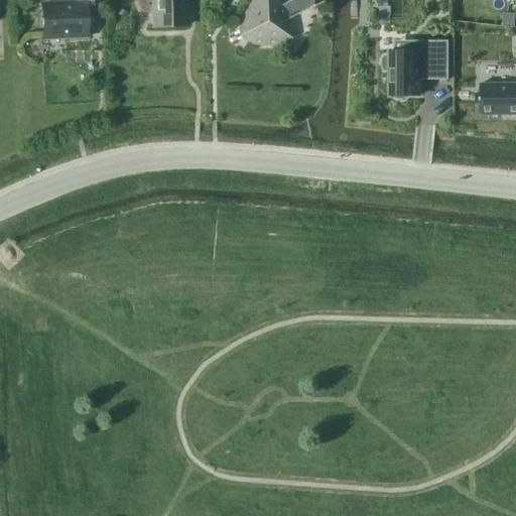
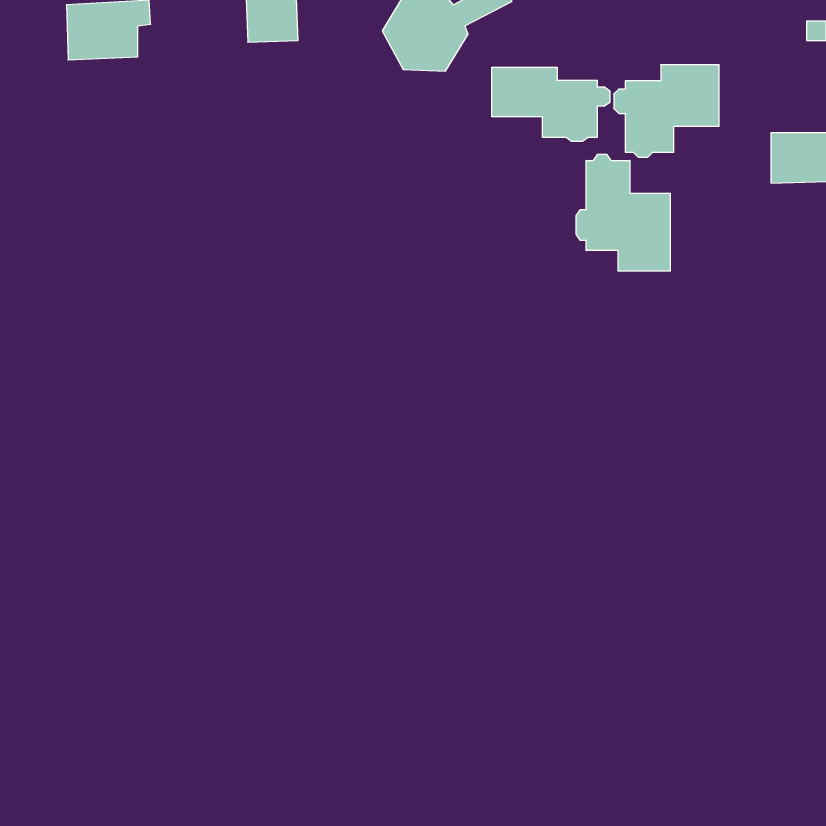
building: none -> [492,67,610,141]
building: none -> [576,154,670,271]

